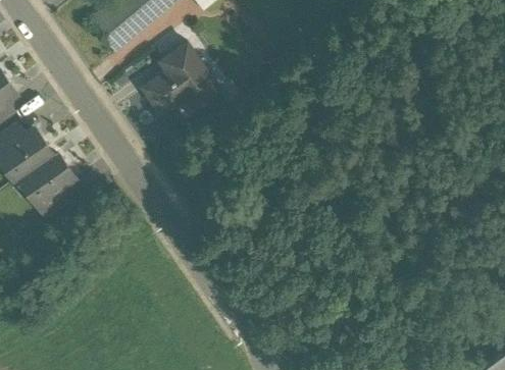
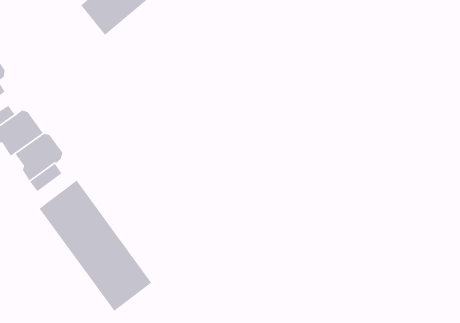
building: [141,42,216,113] -> none
building: none -> [39,179,152,312]

